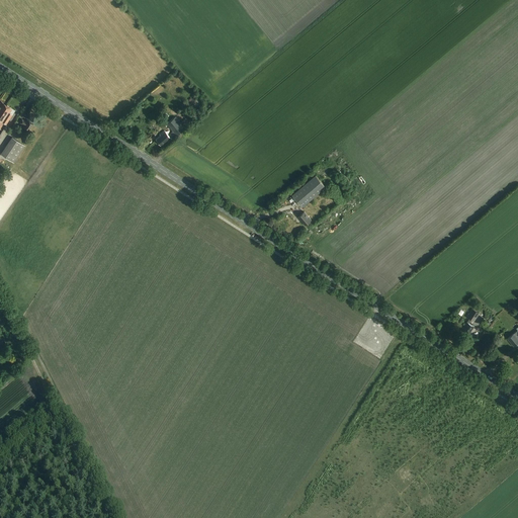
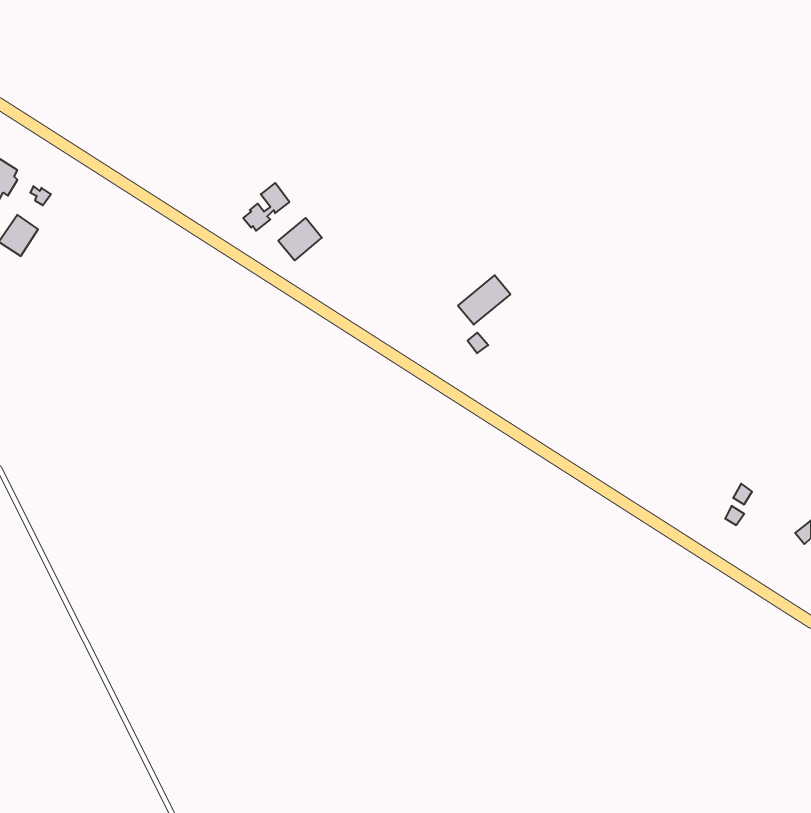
building: none -> [278,218,322,260]

